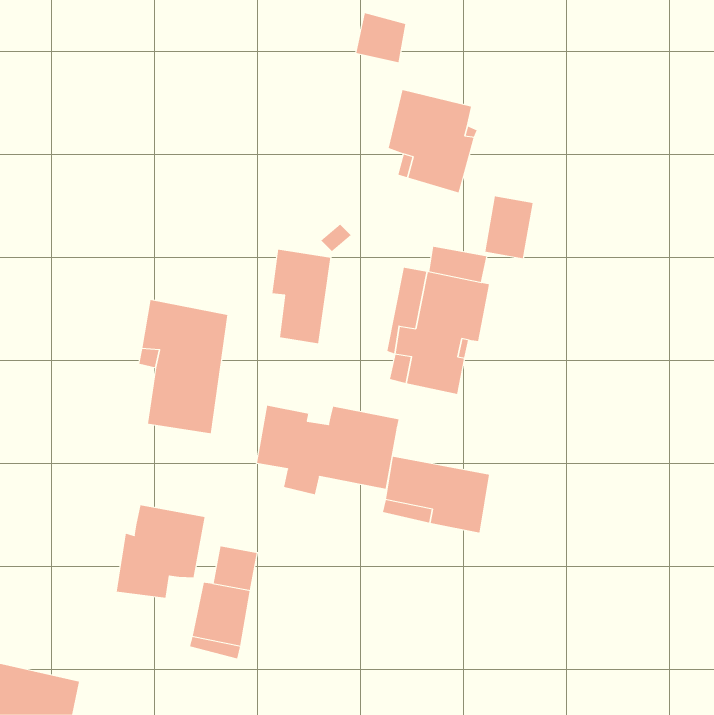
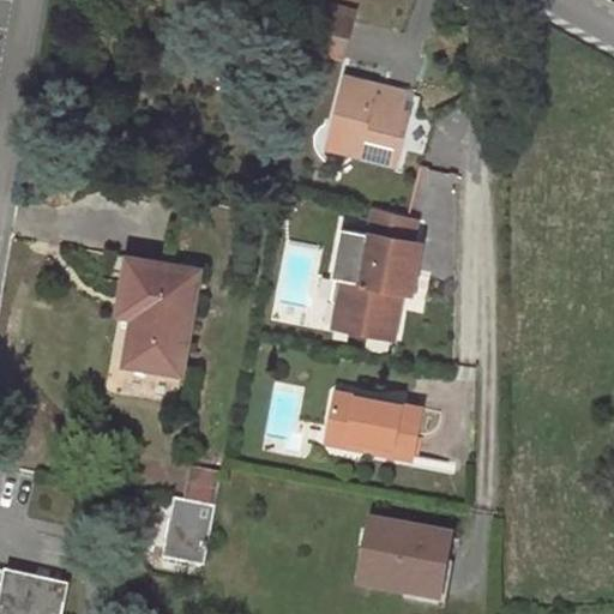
building: [272,249,331,344] -> none
building: [257,405,399,495] -> none
building: [116,505,205,598] -> none
building: none -> [360,523,447,598]

